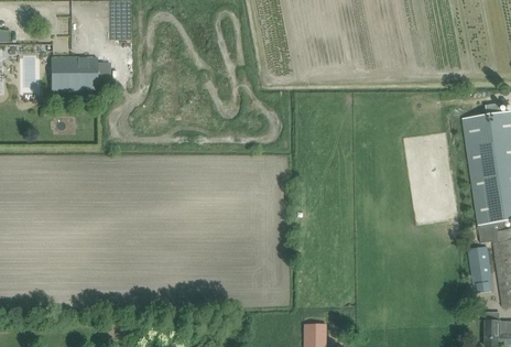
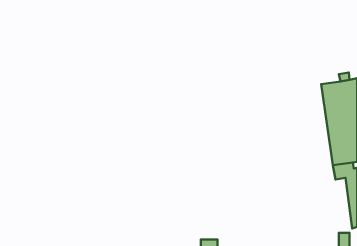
building: [52,57,98,89] -> none
building: [469,247,493,293] -> none

